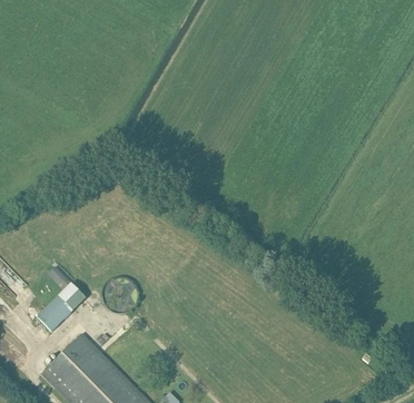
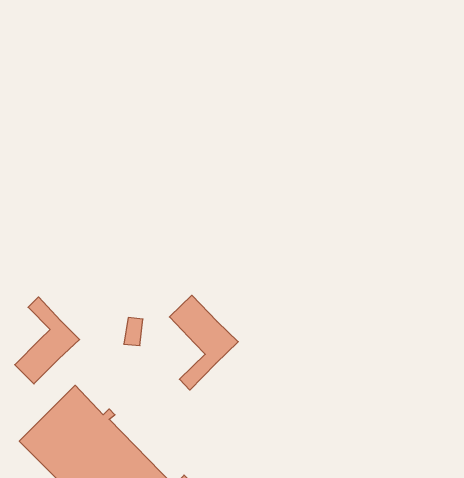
building: none -> [169,295,238,390]

